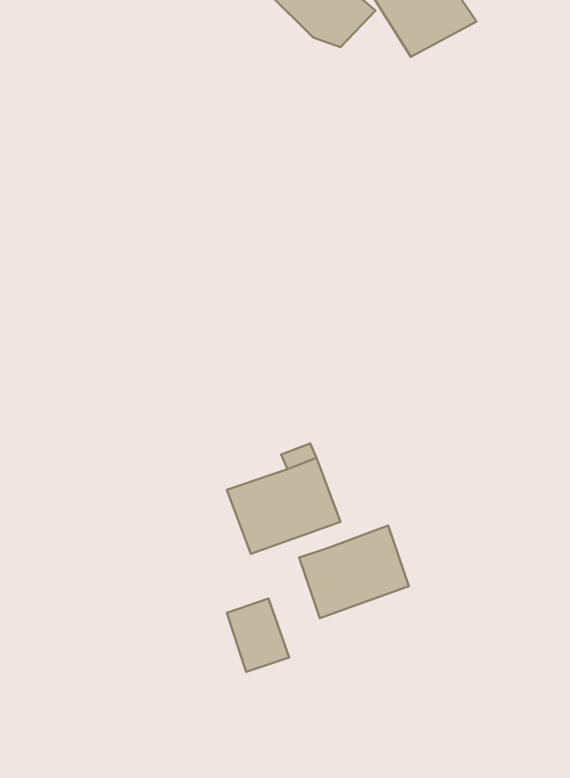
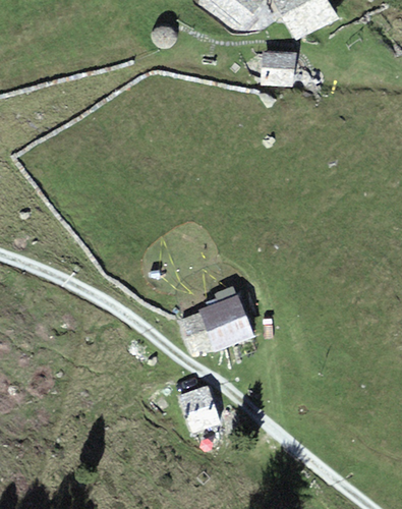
building: none -> [261,49,296,86]
building: [299,526,409,618] -> none

